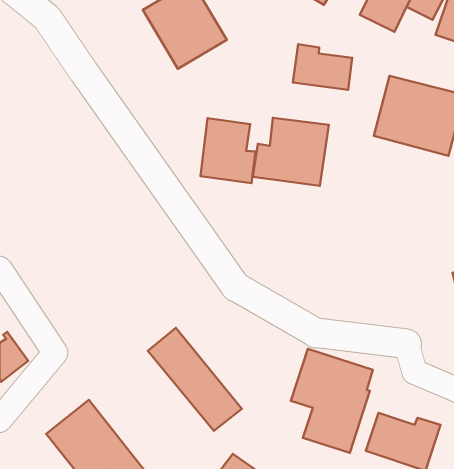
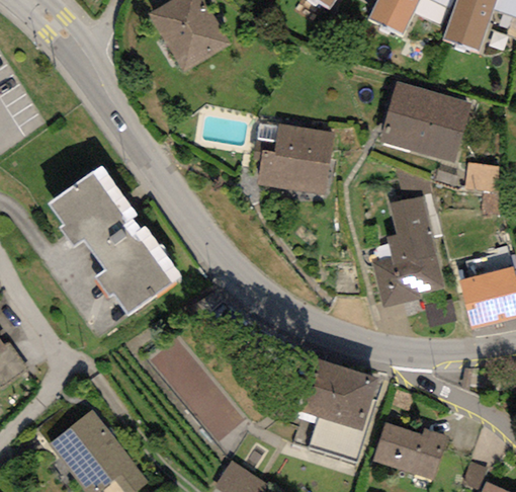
building: [293,44,352,90] -> none
building: [200,118,255,183] -> none
building: none -> [48,165,180,315]
building: none -> [372,195,444,307]

